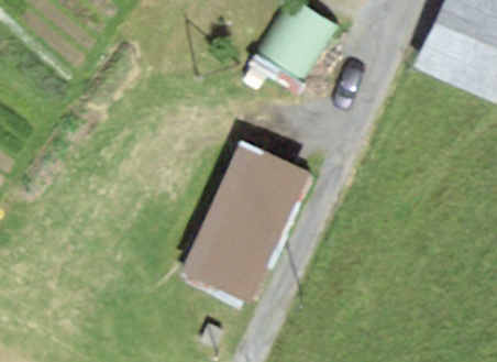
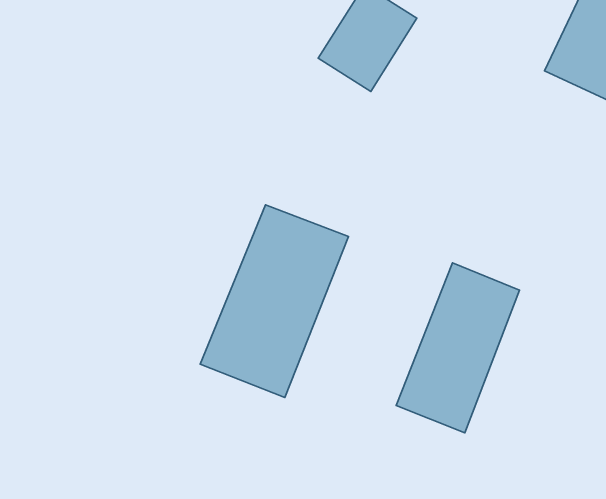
building: none -> [396,263,520,433]

